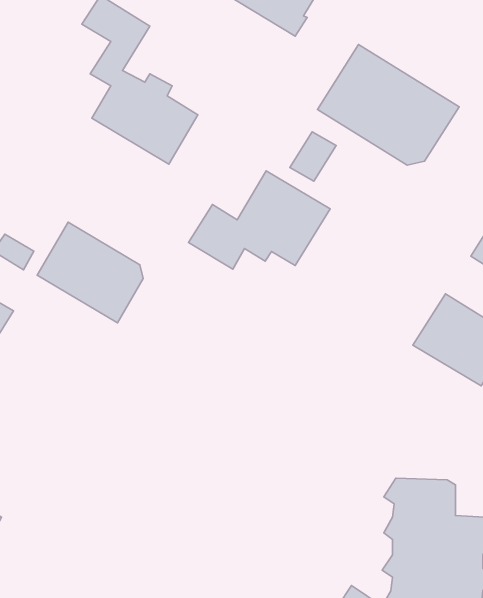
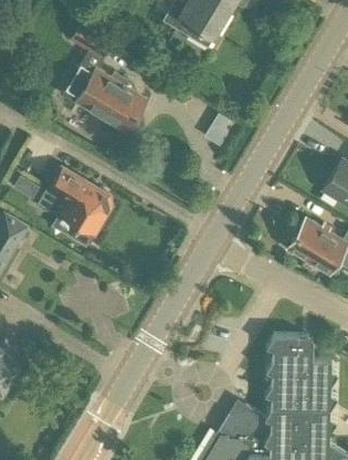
building: [317,45,459,165] -> none
building: [189,171,330,269] -> none

